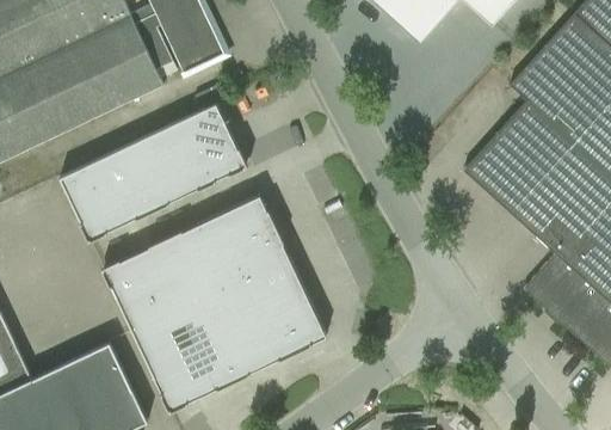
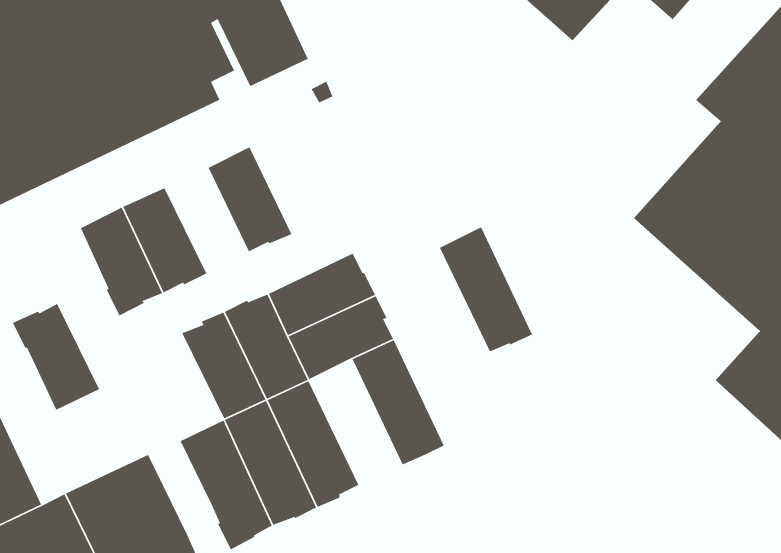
building: [184,103,247,182] -> none
building: [122,133,183,210] -> none
building: [100,253,165,332] -> [12,303,100,411]
building: [227,272,296,364] -> [439,226,534,352]

